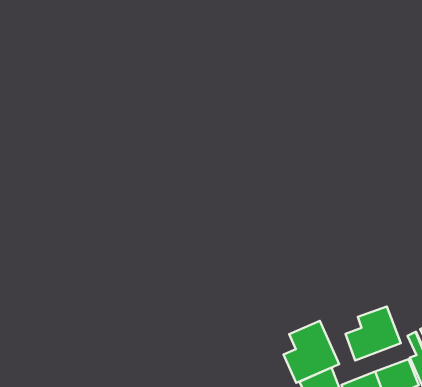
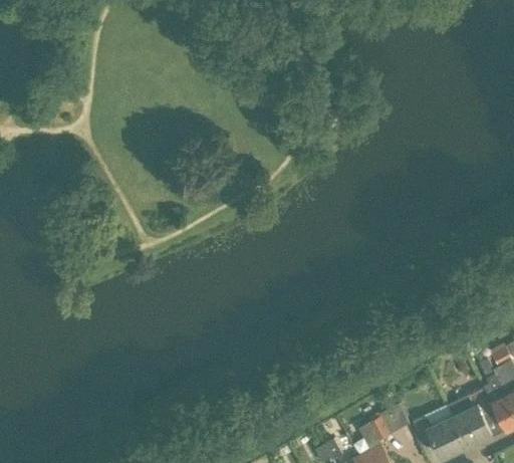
building: [345,306,401,360] -> none
building: [284,321,339,383] -> none

